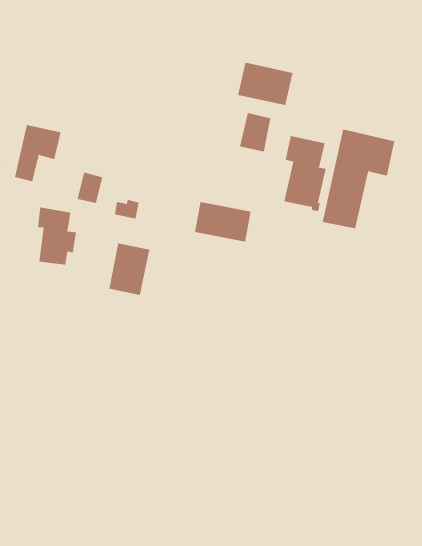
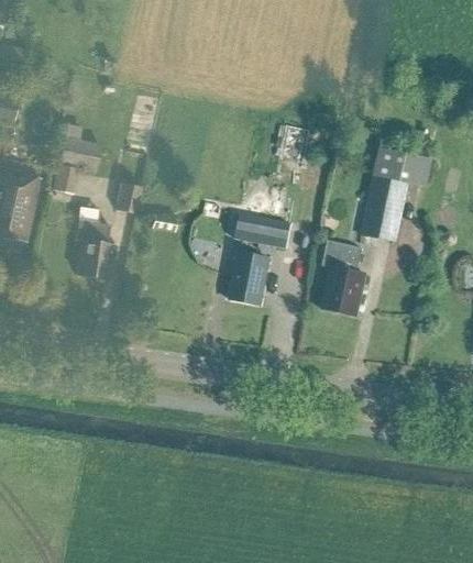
building: [238,62,293,106] -> none
building: [284,136,326,211] -> [322,240,365,316]
building: [109,243,150,296] -> [233,252,275,305]

